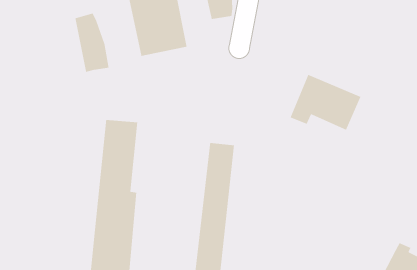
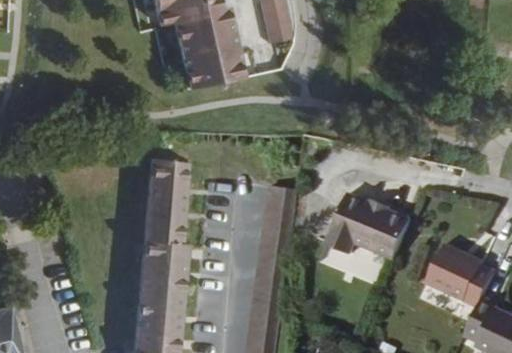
building: [75,13,109,73] -> none
building: [290,74,362,131] -> [329,195,411,260]
building: none -> [428,245,495,307]

